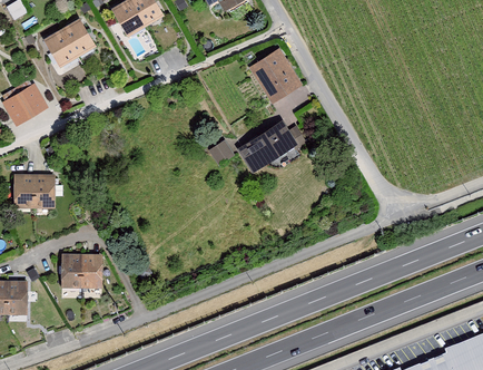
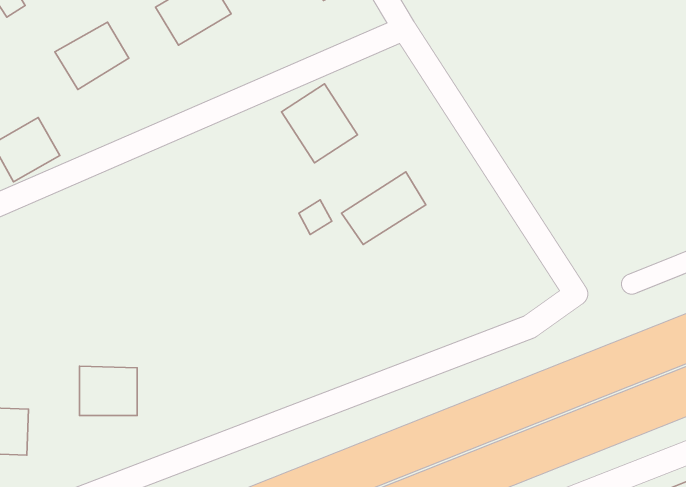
building: [250,51,302,105] -> [282,84,357,163]
building: [14,176,56,210] -> none

